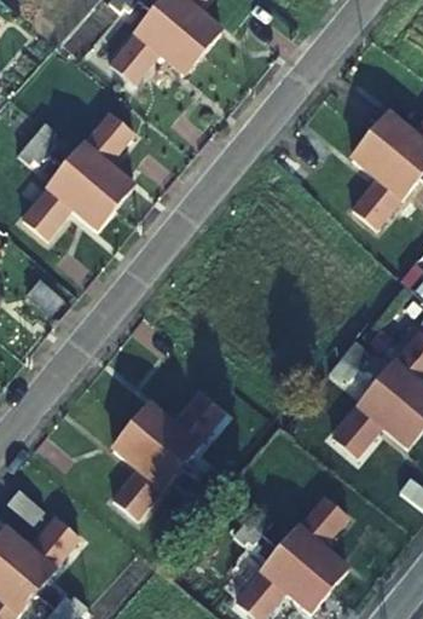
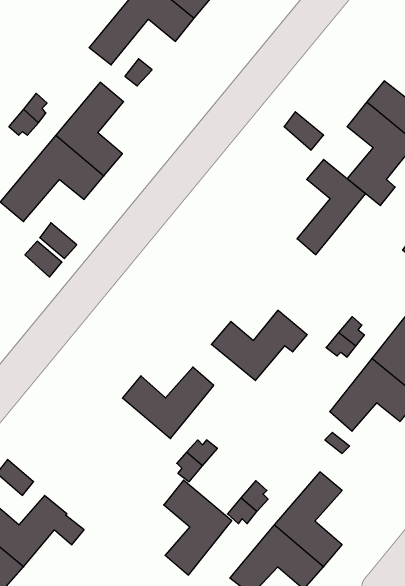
building: none -> [297,159,366,255]
building: none -> [211,310,307,381]
building: [112,423,179,516] -> [164,480,232,575]

